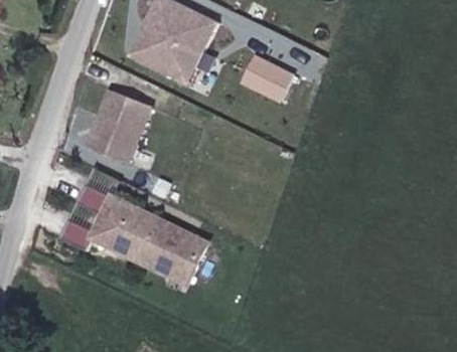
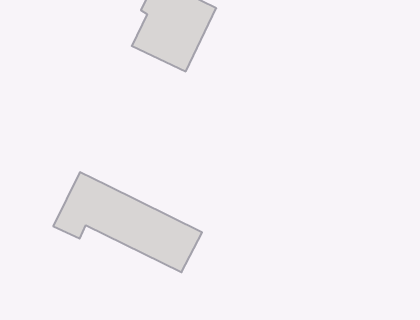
building: [242,55,294,101] -> none
building: [85,90,151,163] -> none

